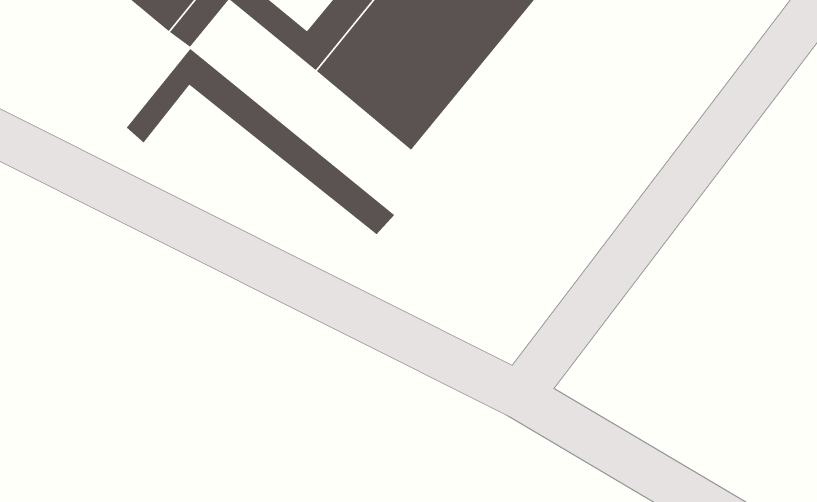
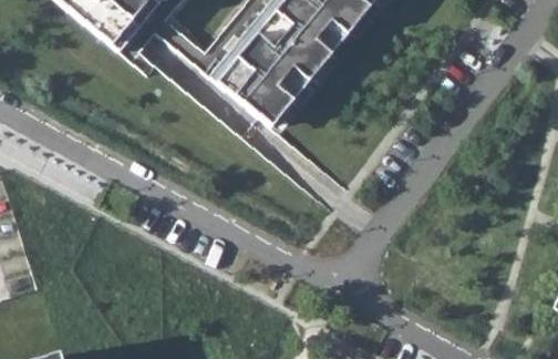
building: [126,48,395,235] -> none

